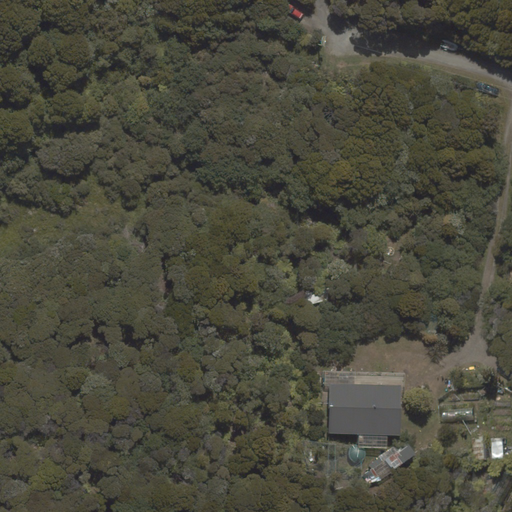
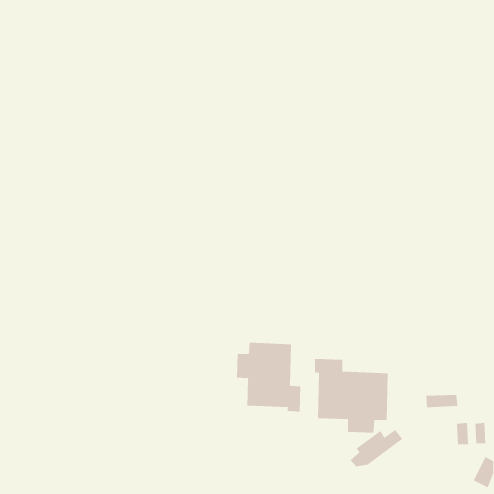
building: none -> [236,342,301,412]

